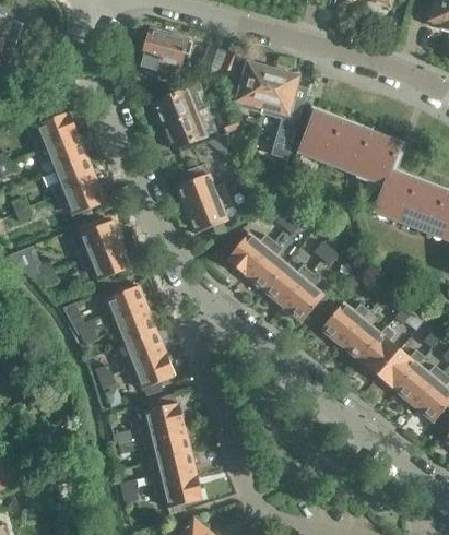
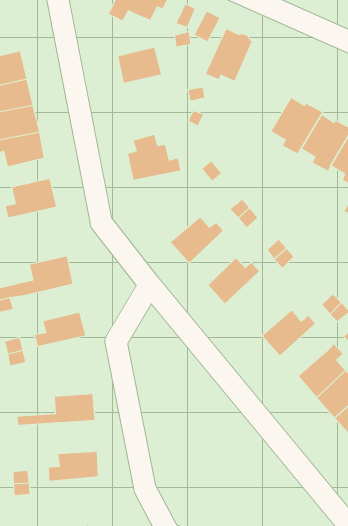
building: [260,70,304,158] -> none
building: [164,112,213,148] -> none
building: [186,194,232,234] -> none
building: [247,241,287,292] -> none
building: [81,243,131,280] -> none
building: [284,272,324,321] -> none
building: [107,309,157,346] -> none
building: [340,310,381,359] -> none
building: [125,353,175,389] -> none
building: [118,426,192,461] -> none
building: [153,475,203,508] -> none

